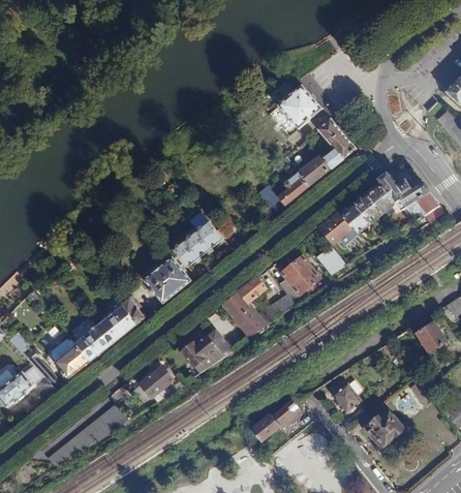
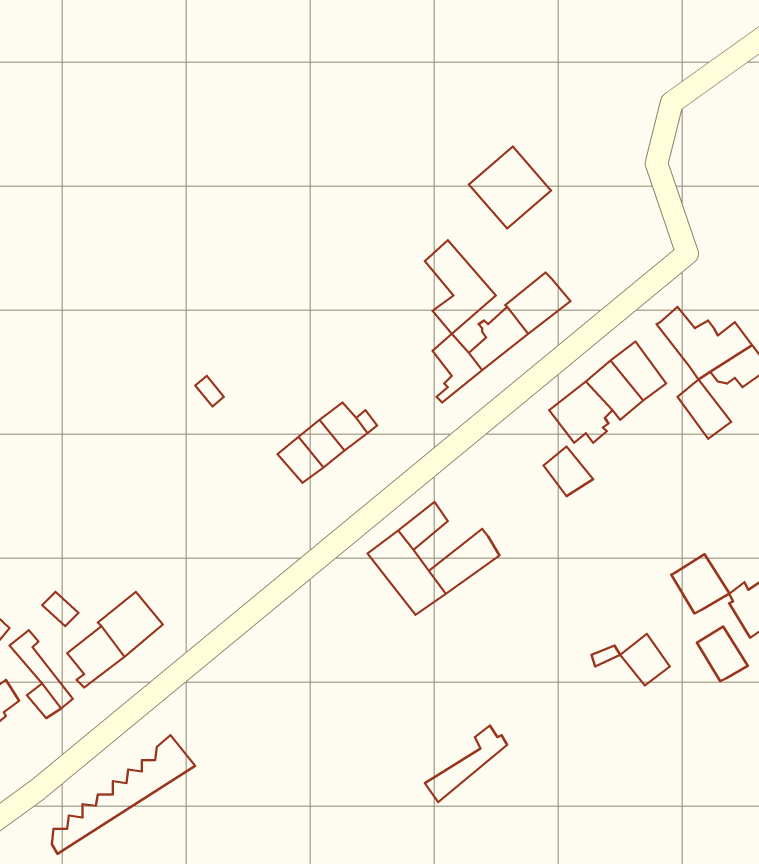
building: [316,117,355,167] -> [425,240,496,334]
building: [366,180,395,212] -> [678,380,731,439]
building: [278,253,314,295] -> none
building: [144,257,189,303] -> none
building: [96,292,144,342] -> none
building: none -> [671,554,730,613]
building: [182,328,233,372] -> none
building: none -> [697,626,748,681]
building: [140,364,174,399] -> none
building: [332,382,359,410] -> [620,634,670,686]
building: [364,409,403,444] -> none

